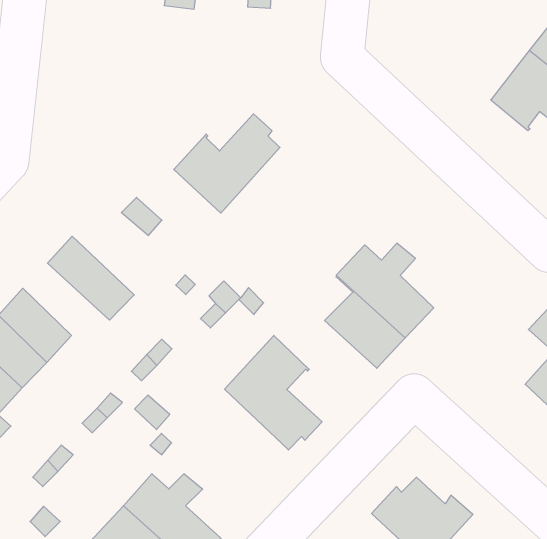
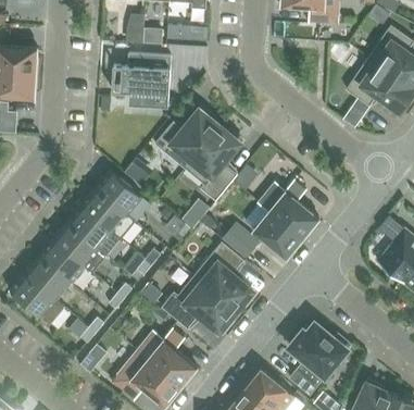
building: none -> [111,53,171,100]
building: none -> [185,126,241,200]
building: none -> [95,171,141,222]
building: none -> [66,206,121,249]
building: none -> [221,222,260,259]
building: none -> [161,276,235,334]

